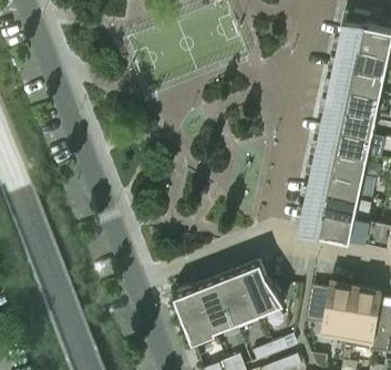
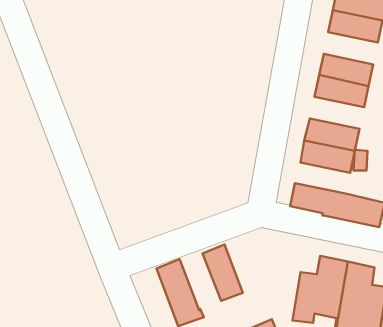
building: [332,64,384,95] -> none
building: [319,126,371,157] -> none
building: [305,189,358,219] -> none
building: [237,260,284,315] -> none
building: [195,277,234,331] -> none

